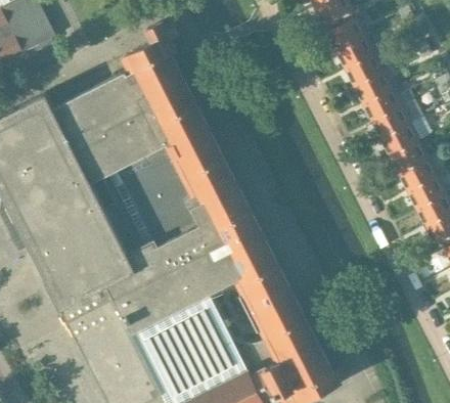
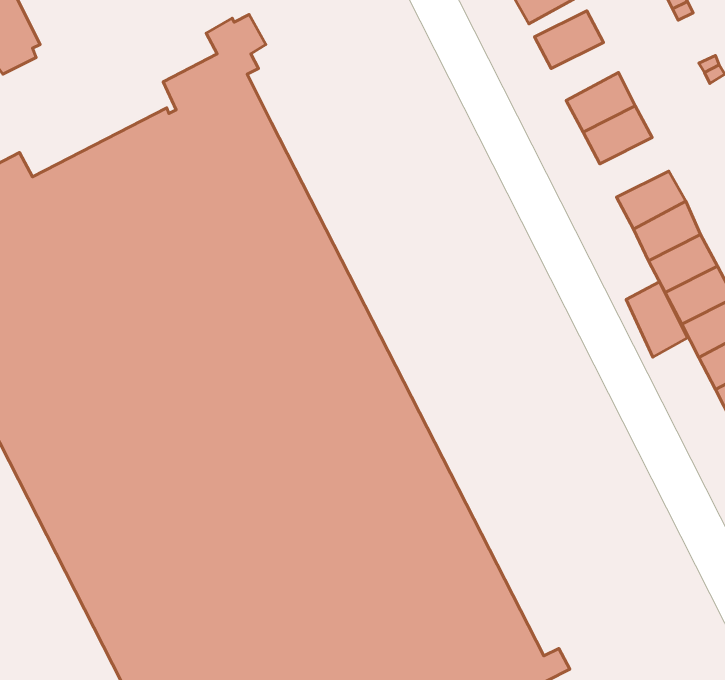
building: [336,35,373,66] -> none
building: [363,87,401,120] -> none
building: none -> [626,282,688,357]

